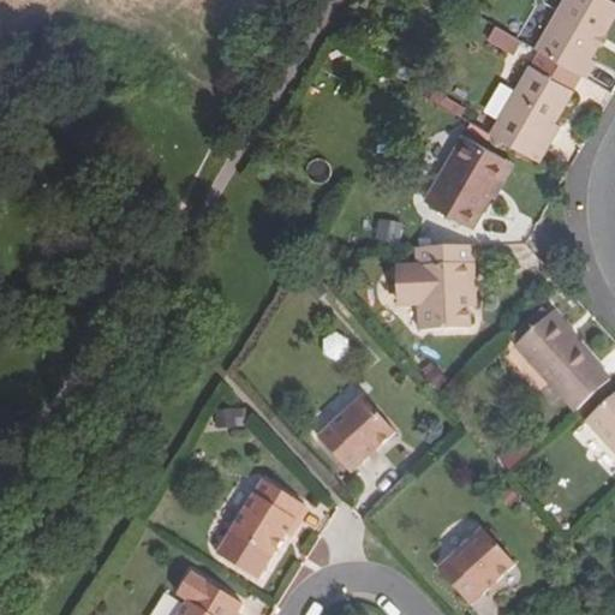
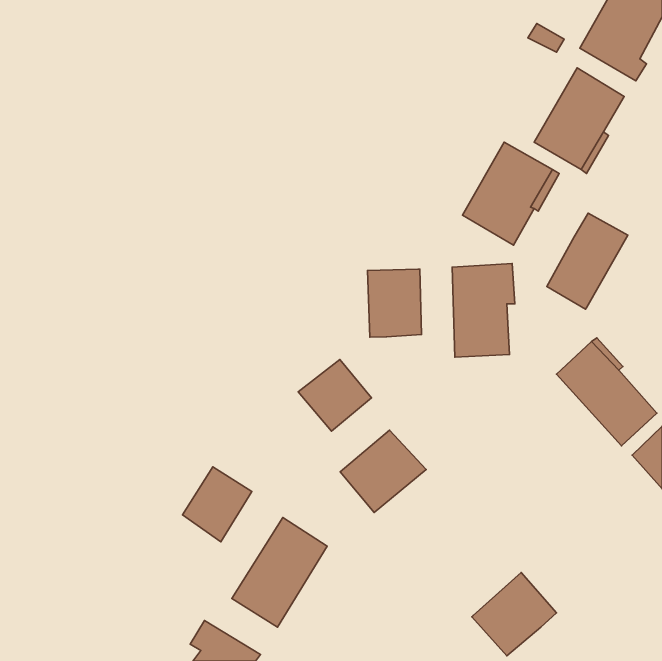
building: none -> [547,213,628,309]
building: none -> [367,269,421,337]
building: none -> [298,360,372,431]
building: none -> [182,467,252,542]

